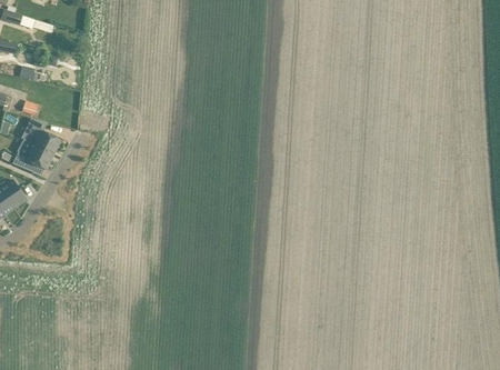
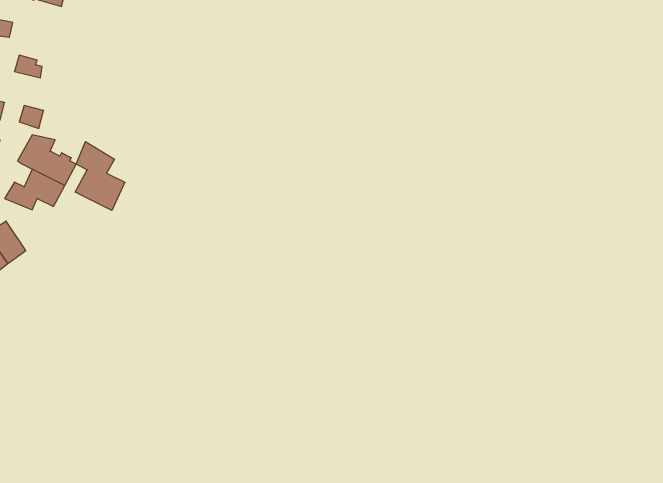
building: none -> [75,142,125,210]

